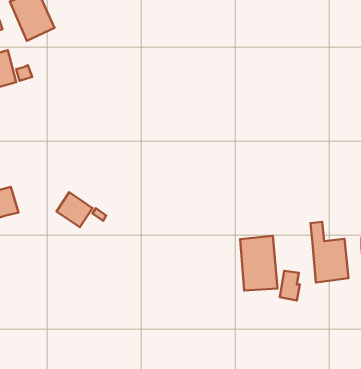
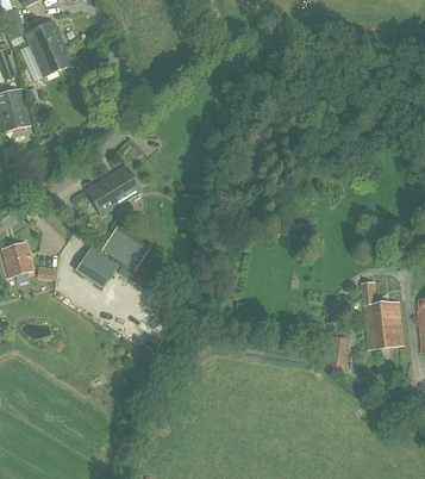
building: none -> [85,164,140,214]
building: none -> [102,229,143,267]
building: [240,236,278,291] -> none

